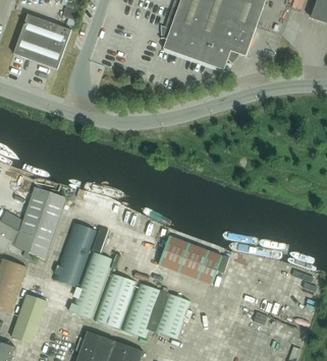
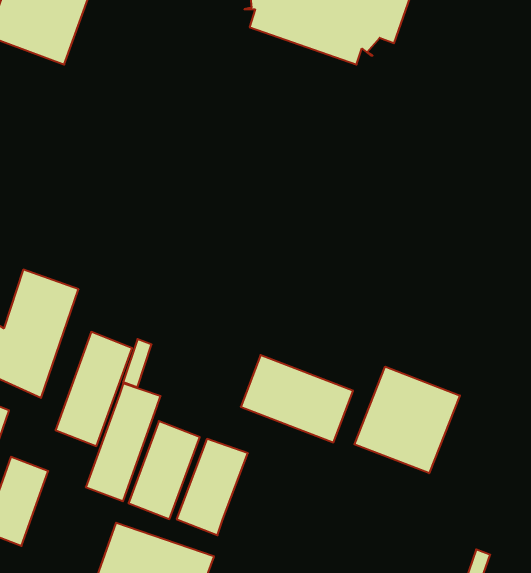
building: none -> [354,367,460,473]
building: [148,291,189,339] -> none

